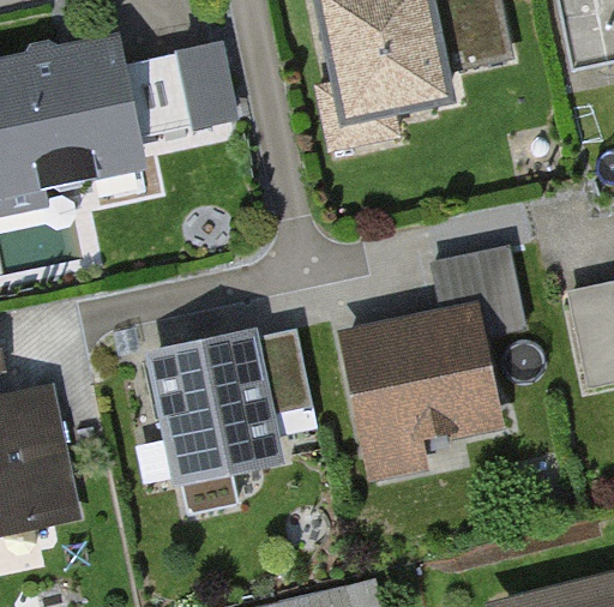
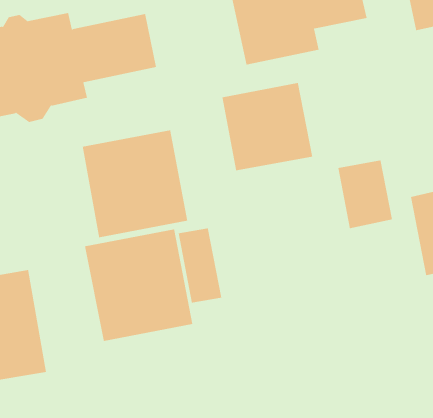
building: none -> [222,82,313,171]
building: none -> [82,129,188,238]
building: [333,304,502,482] -> none

